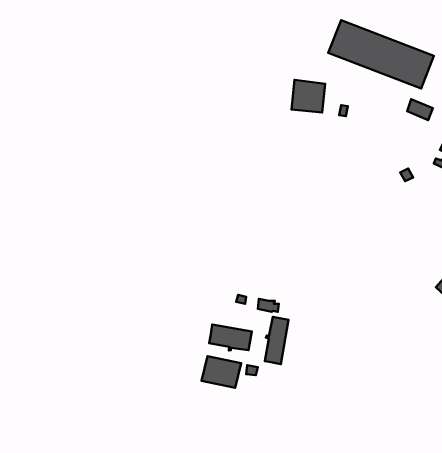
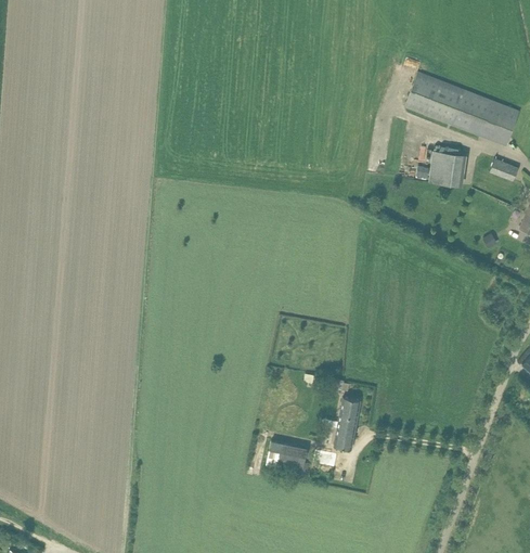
building: [291,80,325,113] -> [430,149,467,184]
building: [209,325,252,351] -> none

